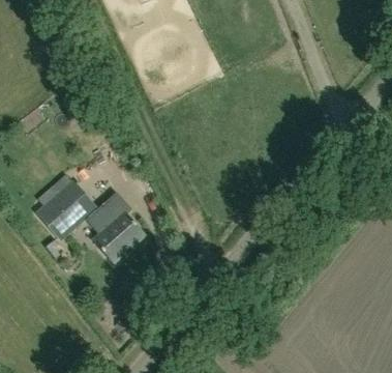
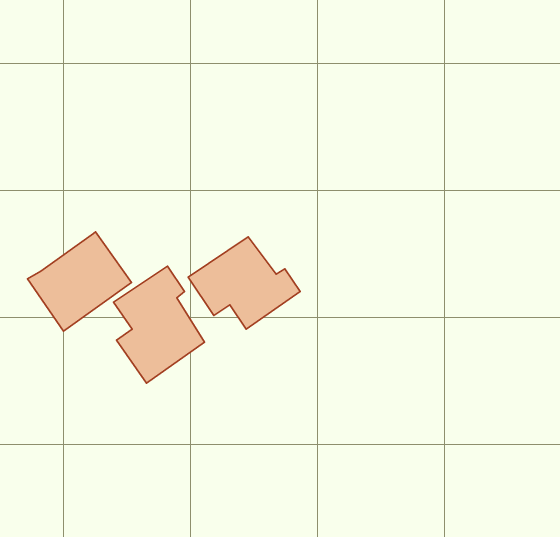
building: none -> [188,237,300,329]

